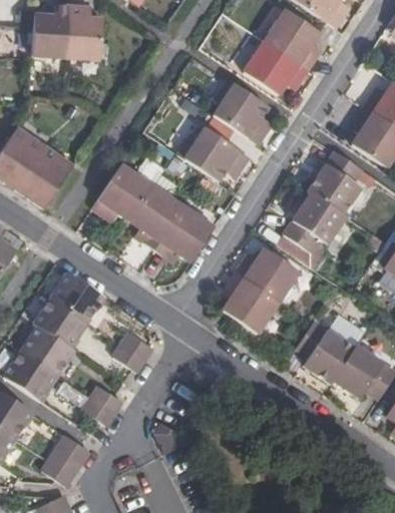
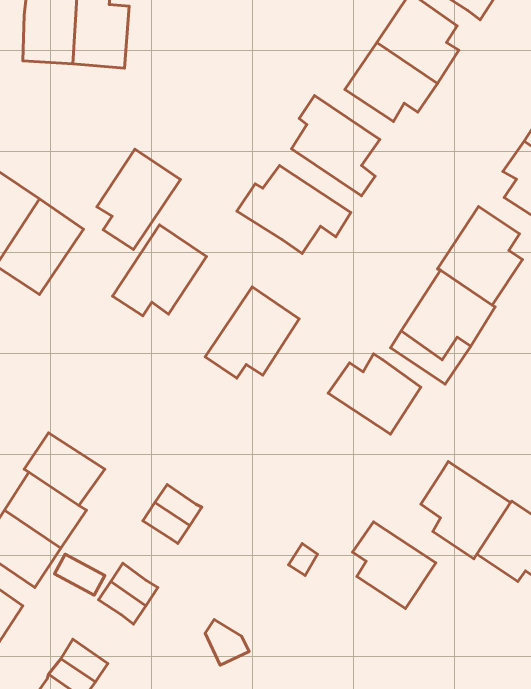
building: [129,183,184,249] -> [97,149,180,249]
building: [50,274,104,324] -> none
building: [221,274,276,331] -> [352,522,436,608]

